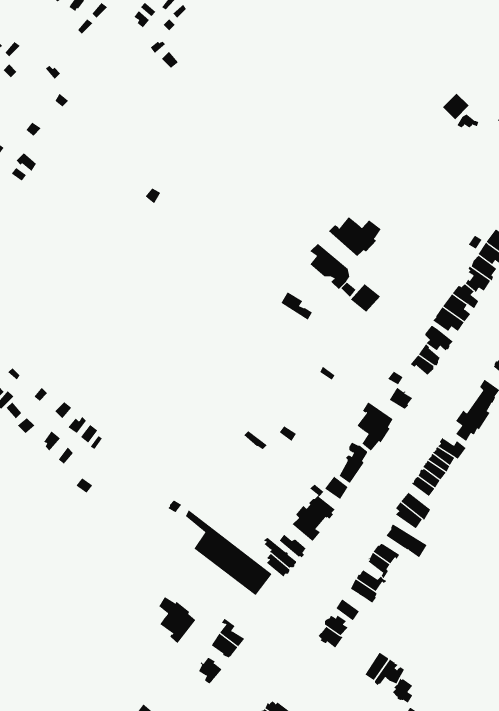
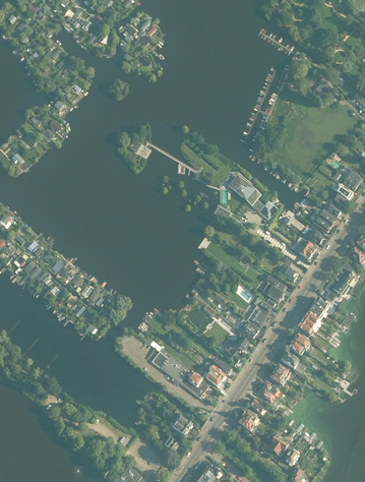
building: [328,216,382,257] -> none
building: [158,596,196,644] -> none

